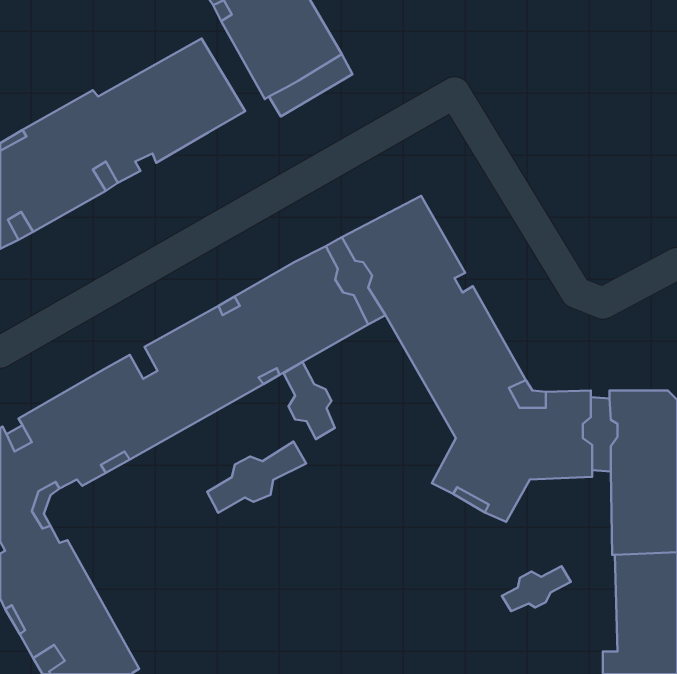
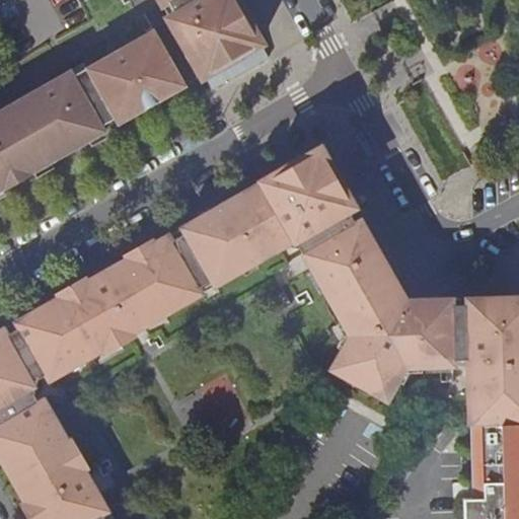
building: [283,362,335,439] -> none
building: [207,442,306,513] -> none
building: [502,566,571,611] -> none

